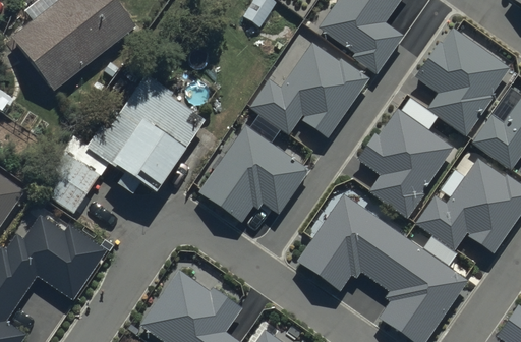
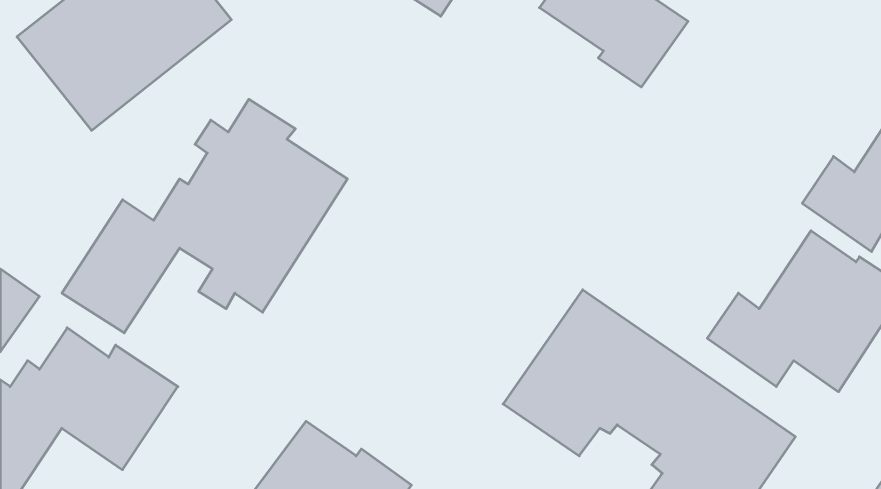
building: [416,25,512,133] -> none
building: [251,41,369,135] -> none
building: [357,107,455,215] -> none
building: [197,122,309,222] -> none

